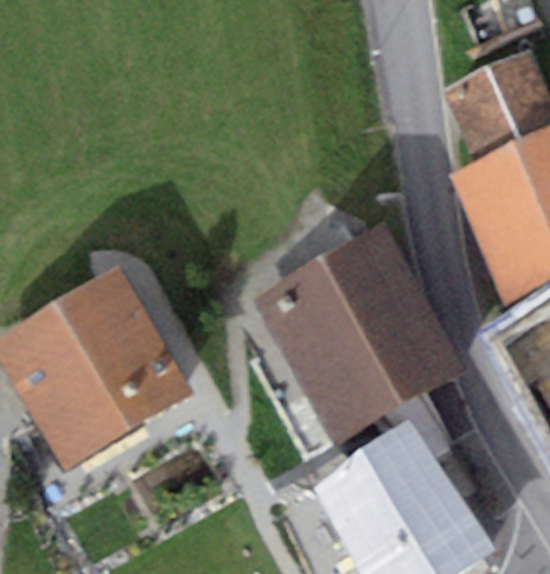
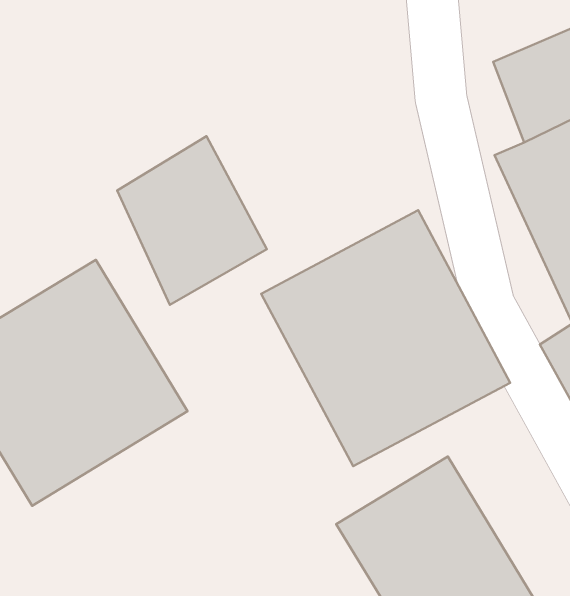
building: none -> [117,136,267,305]

